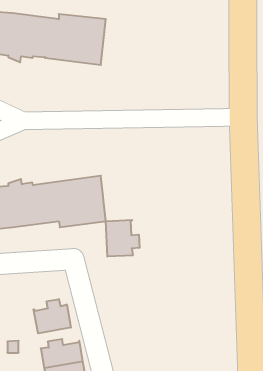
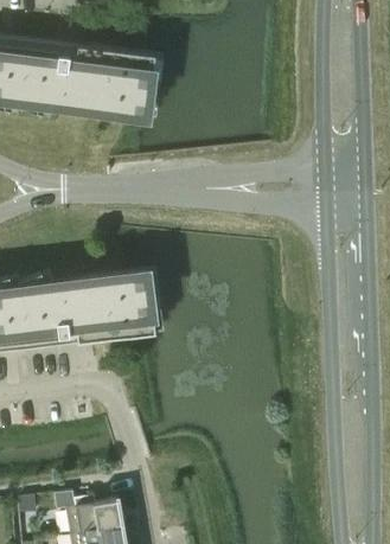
building: [106,220,139,257] -> none
building: [34,299,71,333] -> none

